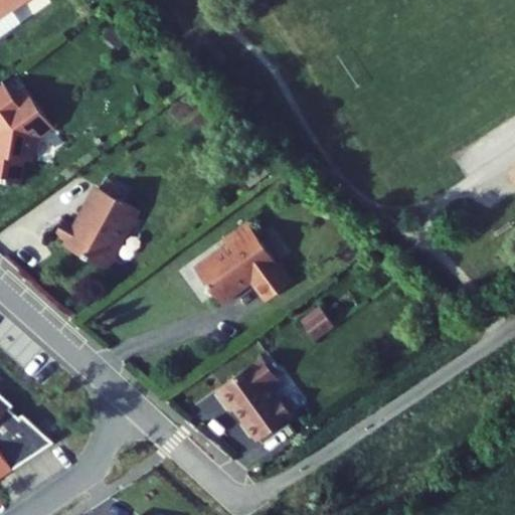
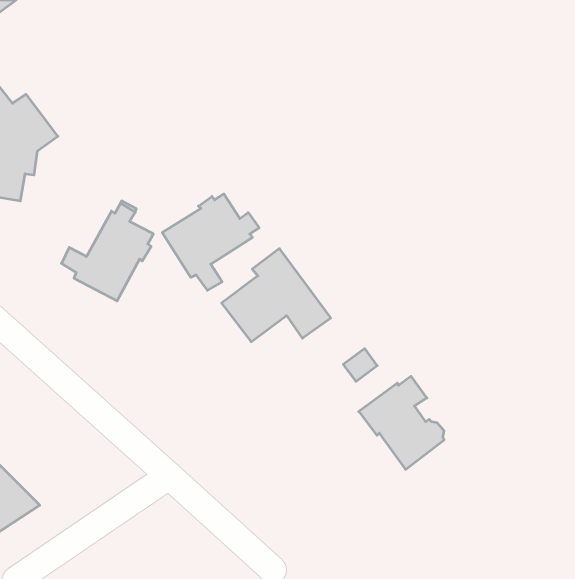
building: none -> [162,194,259,290]
building: [217,359,293,442] -> [359,376,444,469]

